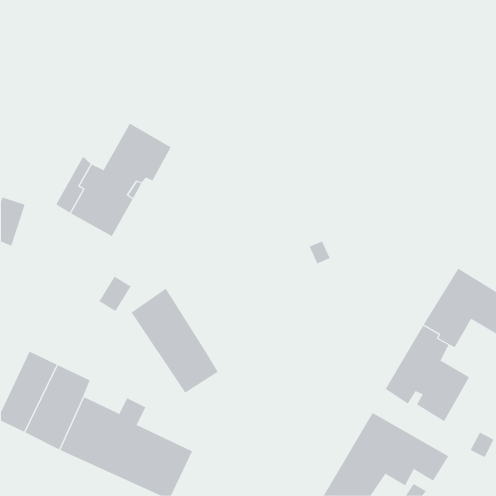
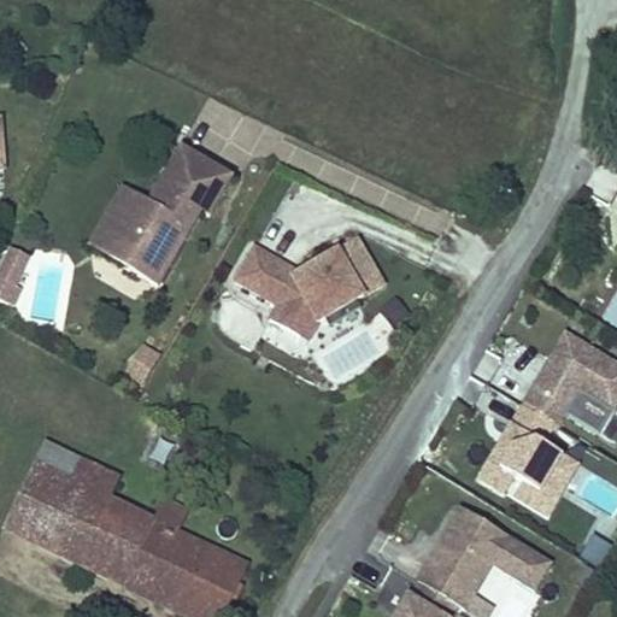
building: none -> [236,241,393,343]
building: [131,288,218,394] -> none

